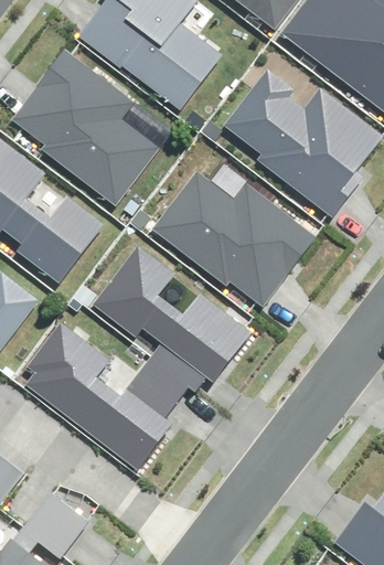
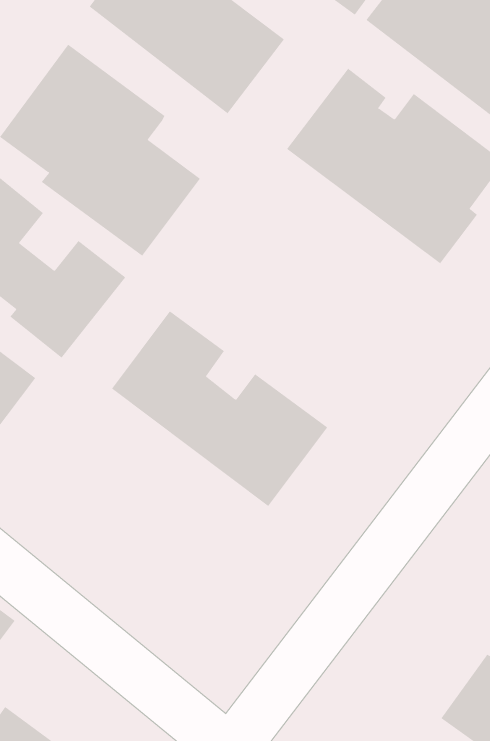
building: [158,173,316,303] -> none
building: [22,326,192,472] -> none
building: [25,497,86,556] -> none

